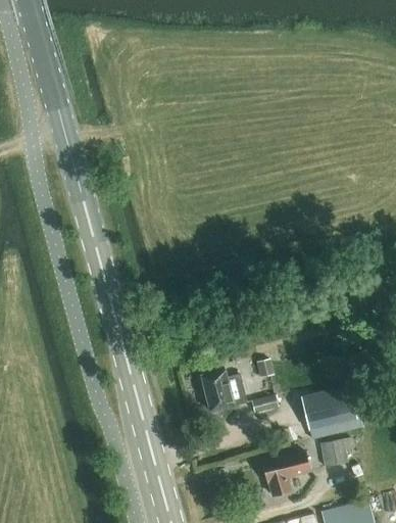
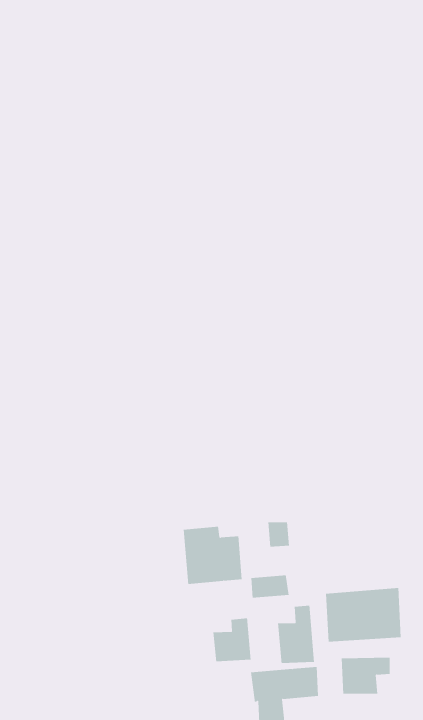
building: none -> [278,605,314,664]
building: none -> [213,618,251,662]

